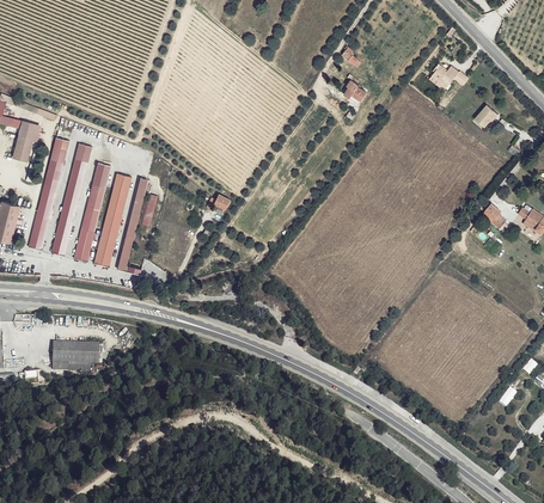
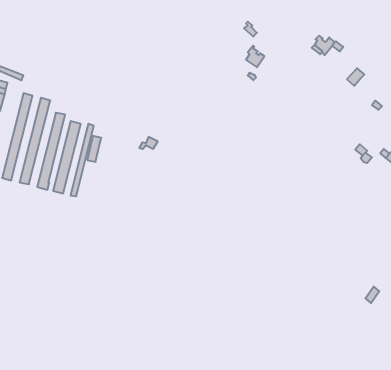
building: [51,341,98,364] -> none

